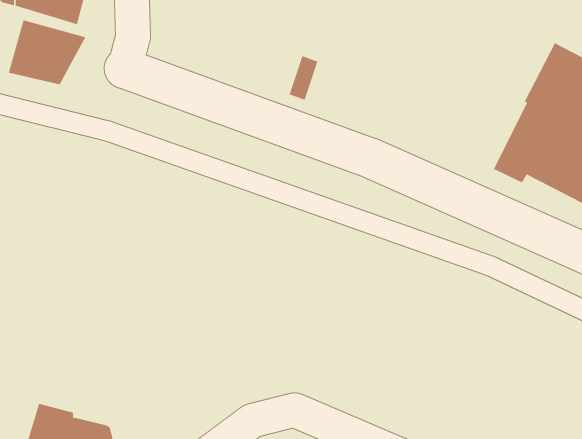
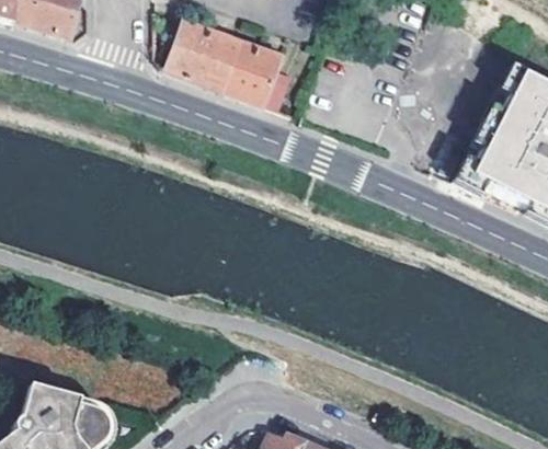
building: none -> [167,19,283,102]
building: [8,20,86,85] -> none

